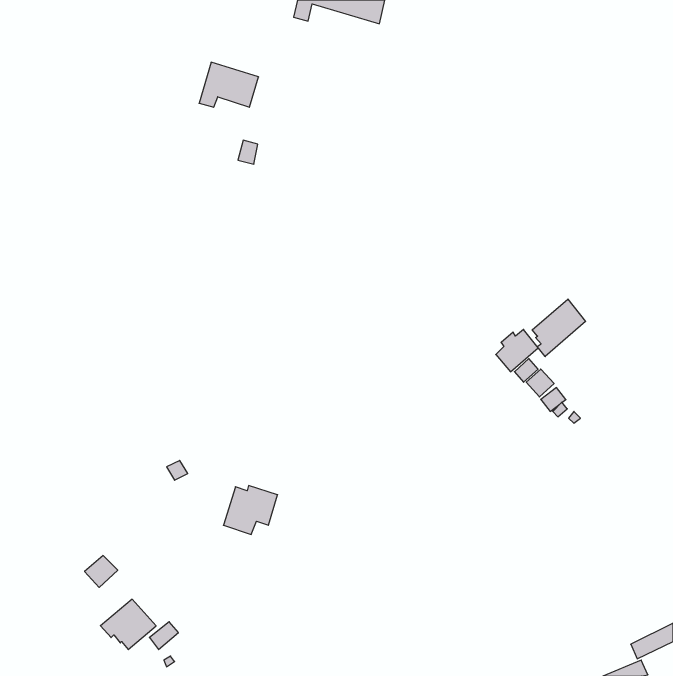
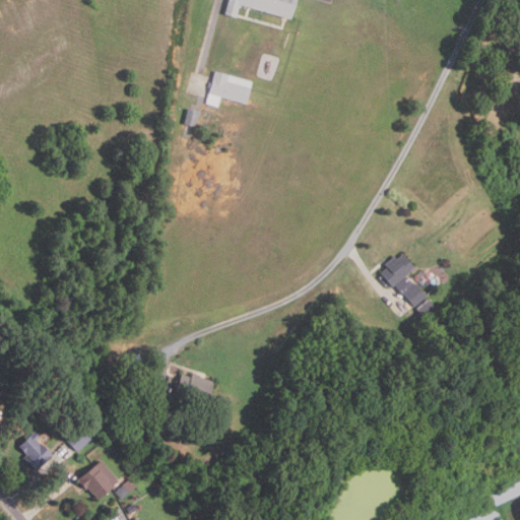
building: [199,62,259,107] -> [206,70,252,105]
building: [532,299,586,357] -> none
building: none -> [18,432,52,470]

